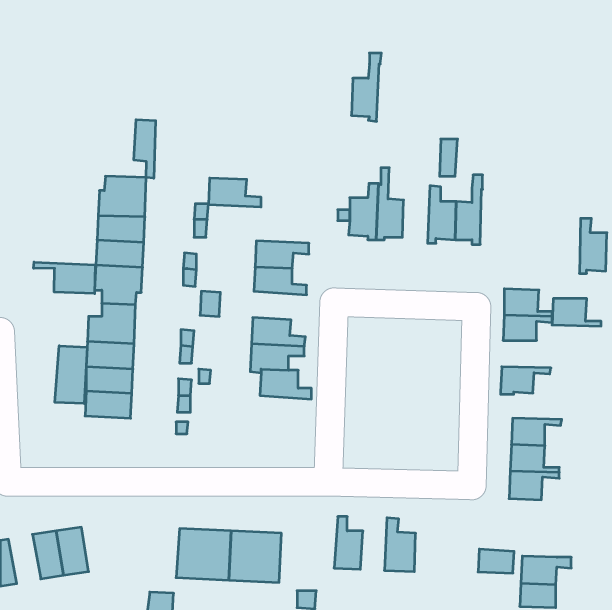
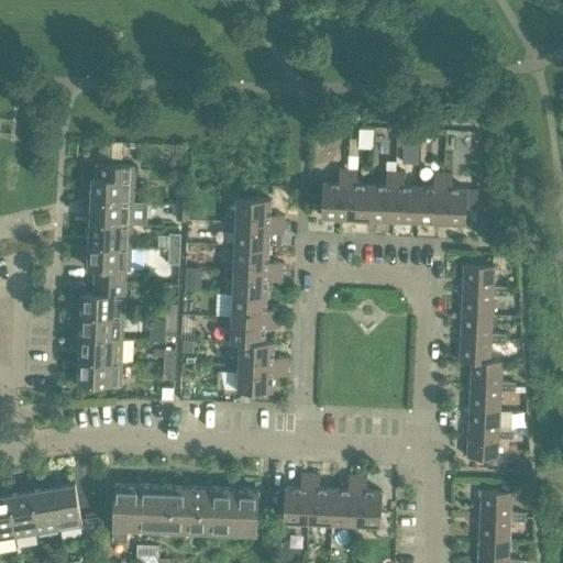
building: [351,53,381,121] -> [369,163,397,225]
building: [134,120,156,178] -> none
building: [208,178,261,207] -> [235,199,284,225]
building: [579,218,607,273] -> [441,176,466,227]
building: [34,262,95,294] -> none
building: none -> [232,269,282,296]
building: [552,299,601,326] -> [461,314,506,340]
building: [55,346,87,404] -> none
building: none -> [471,362,516,387]
building: none -> [238,365,286,393]
building: none -> [284,475,310,523]
building: none -> [331,477,355,526]
building: none -> [112,485,165,532]
building: none -> [8,493,37,538]
building: [478,549,514,573] -> [479,492,512,514]

